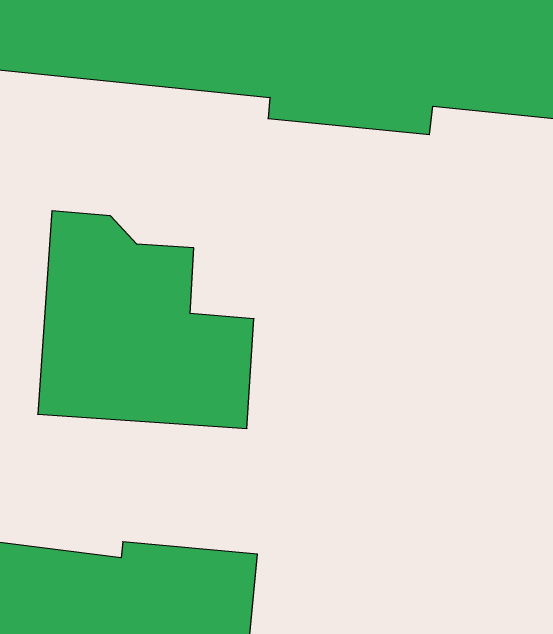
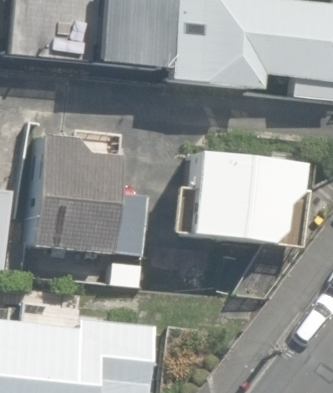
building: none -> [184,153,305,241]

